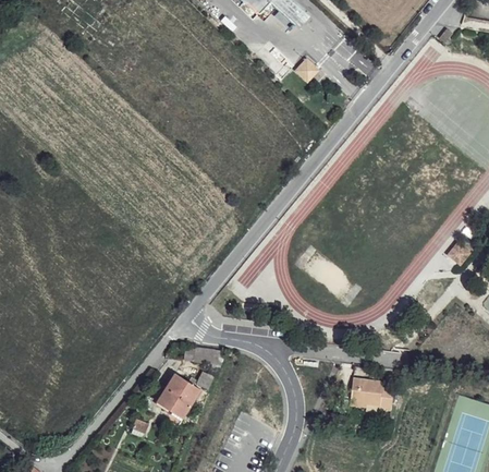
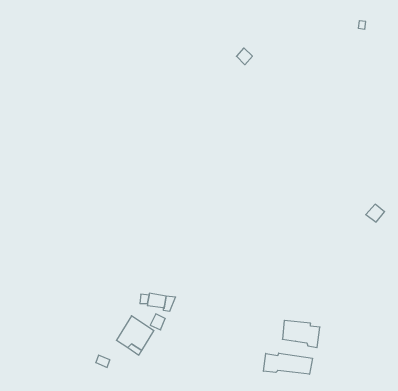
building: none -> [263,353,312,374]

